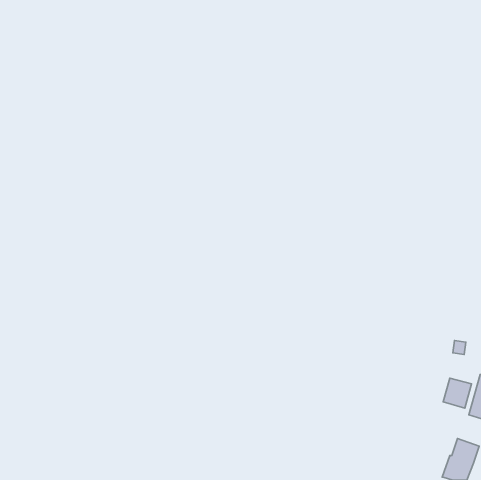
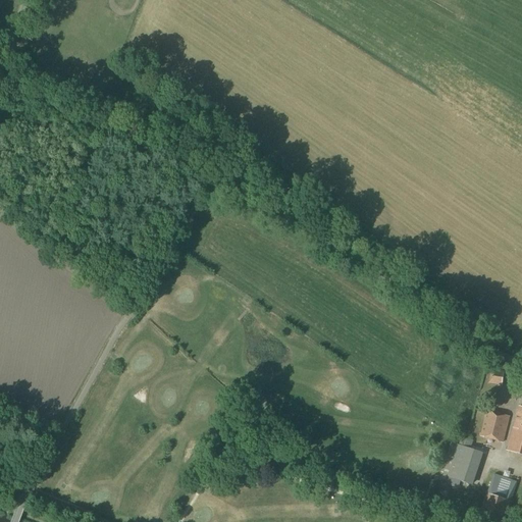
building: none -> [440,441,484,484]

